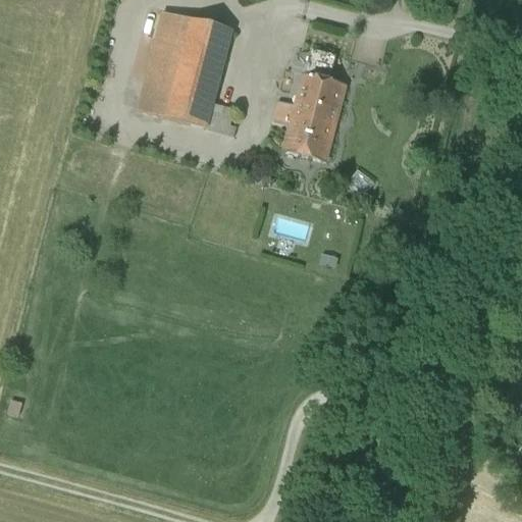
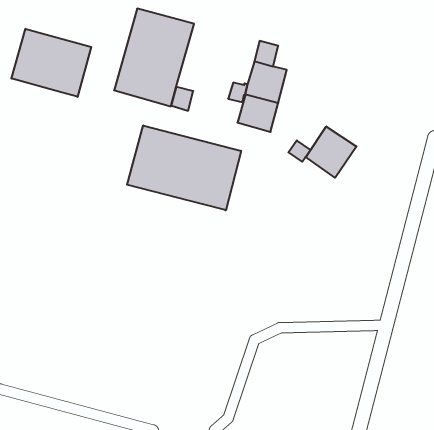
building: none -> [11,29,91,97]
building: none -> [127,125,241,210]
building: none -> [306,126,357,178]

